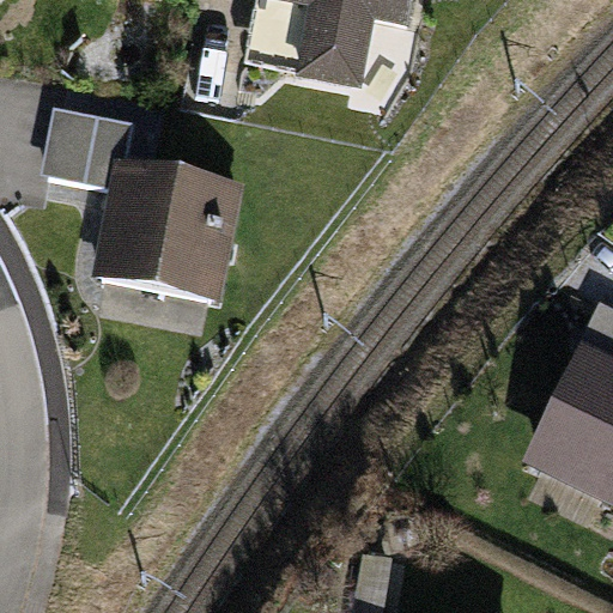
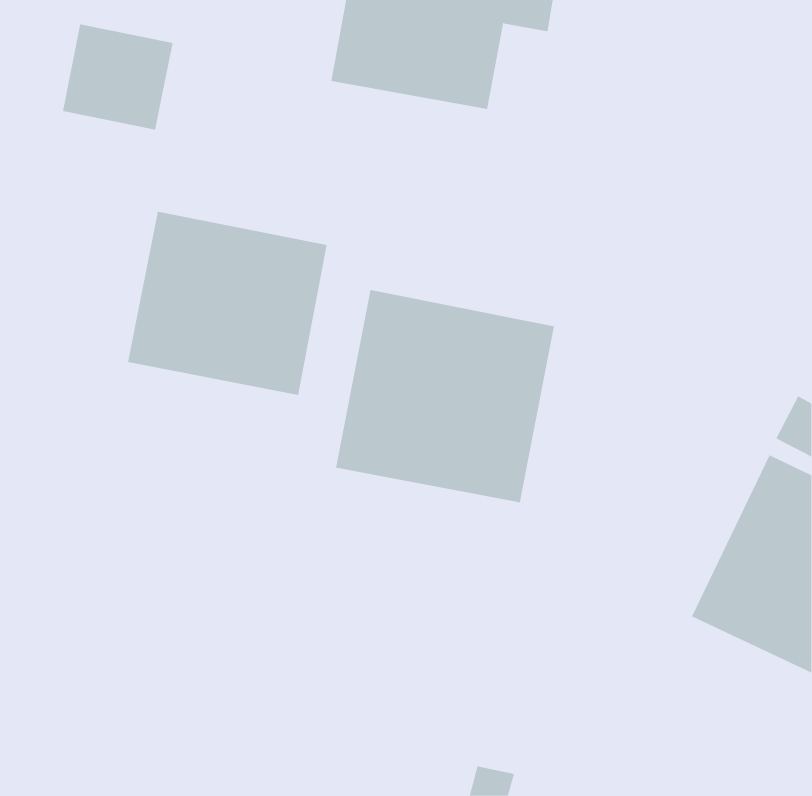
building: [43,103,127,183] -> [62,24,173,130]
building: none -> [336,289,554,503]

